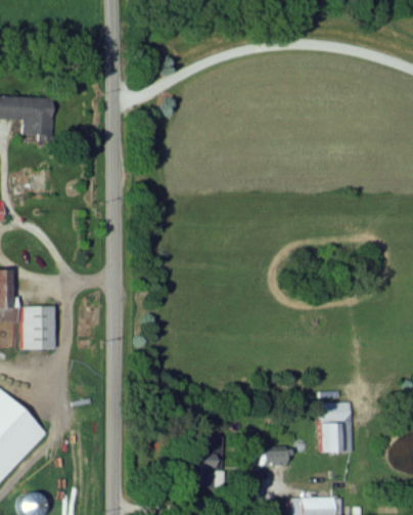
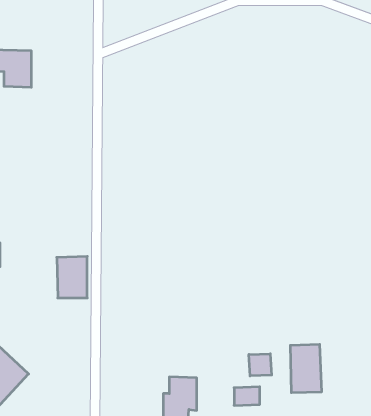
building: [21,306,53,349] -> [57,256,87,298]
building: none -> [249,354,272,376]

